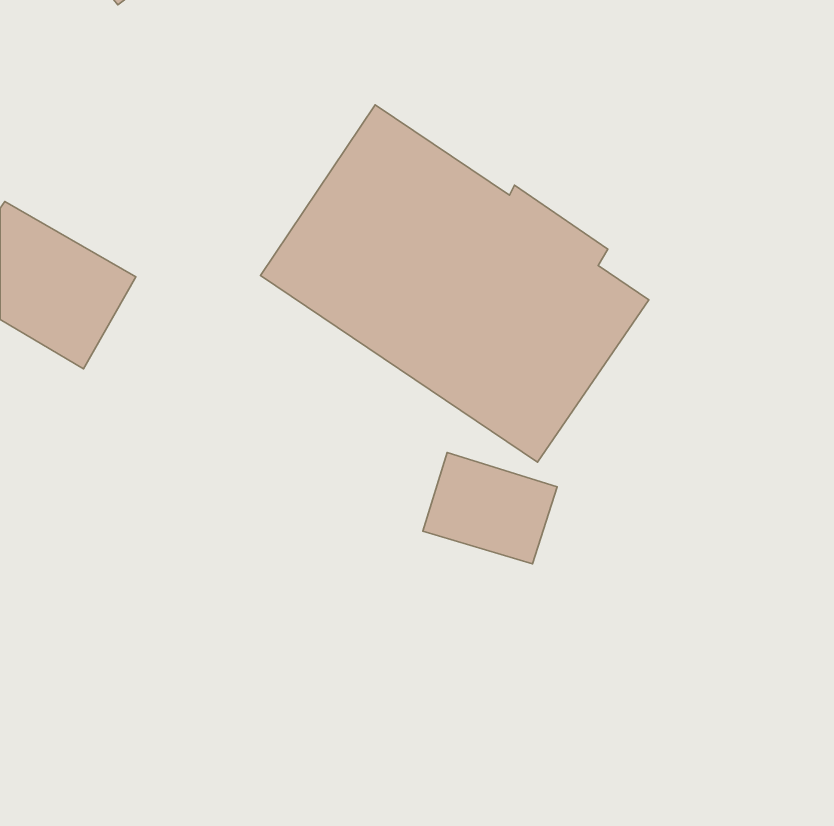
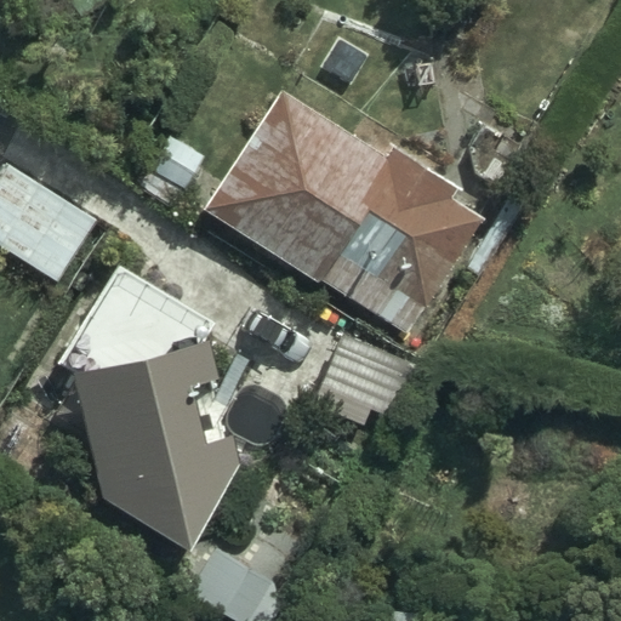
building: none -> [58,285,241,556]

